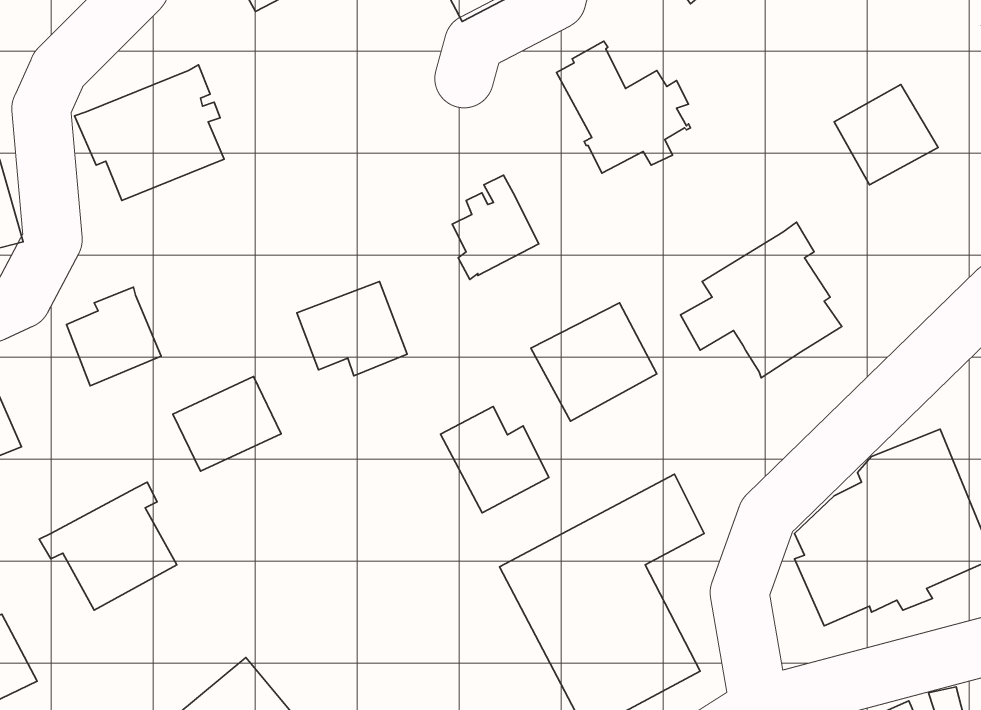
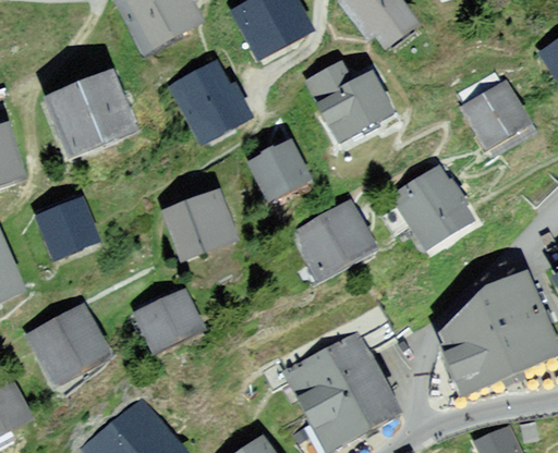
building: none -> [178,70,243,136]
building: [173,377,281,471] -> [138,295,198,347]
building: [441,406,549,513] -> none

